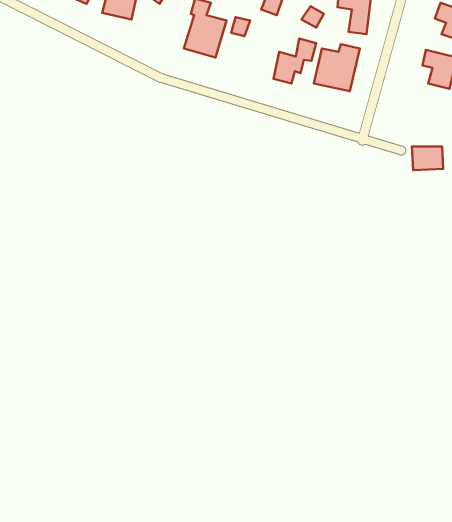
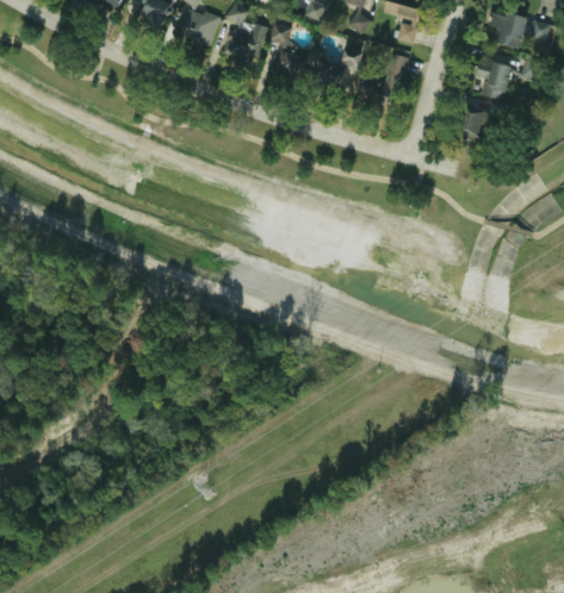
building: none -> [182,12,217,44]
building: none -> [275,50,308,80]
building: [412,146,443,170] -> [460,112,494,137]

